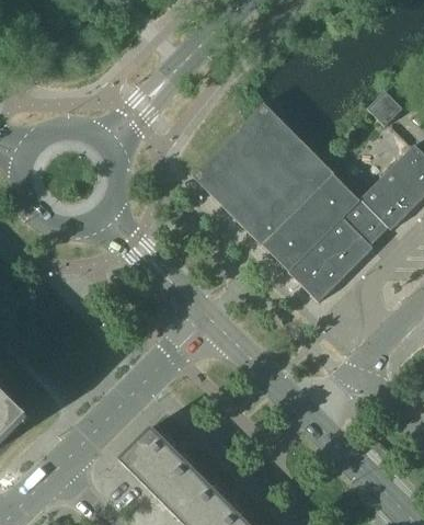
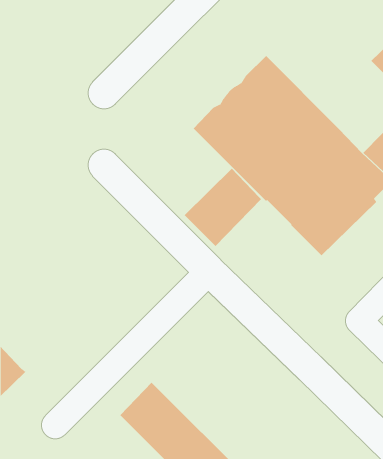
building: none -> [184,168,262,247]

